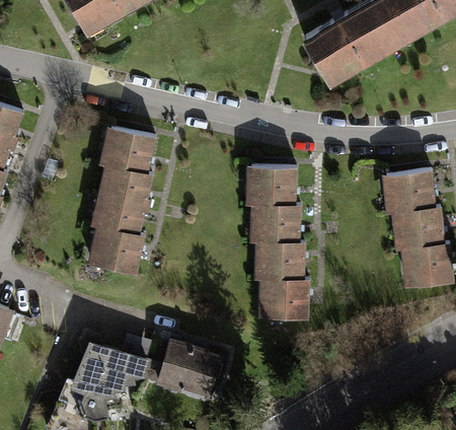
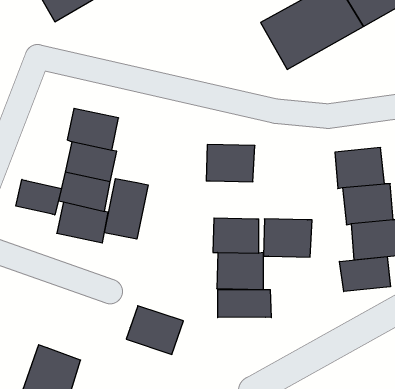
building: none -> [104,179,148,239]
building: none -> [16,179,61,215]
building: [250,205,302,245] -> [263,219,312,257]
building: none -> [339,257,390,292]
building: none -> [218,289,271,318]
building: [78,341,166,396] -> none

